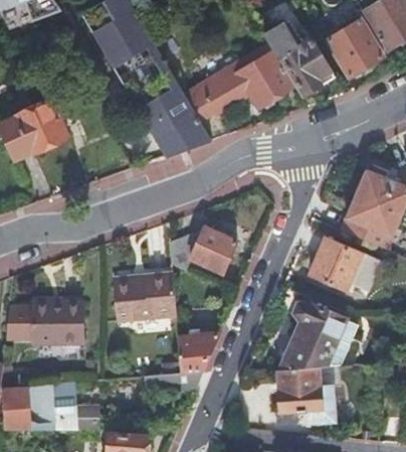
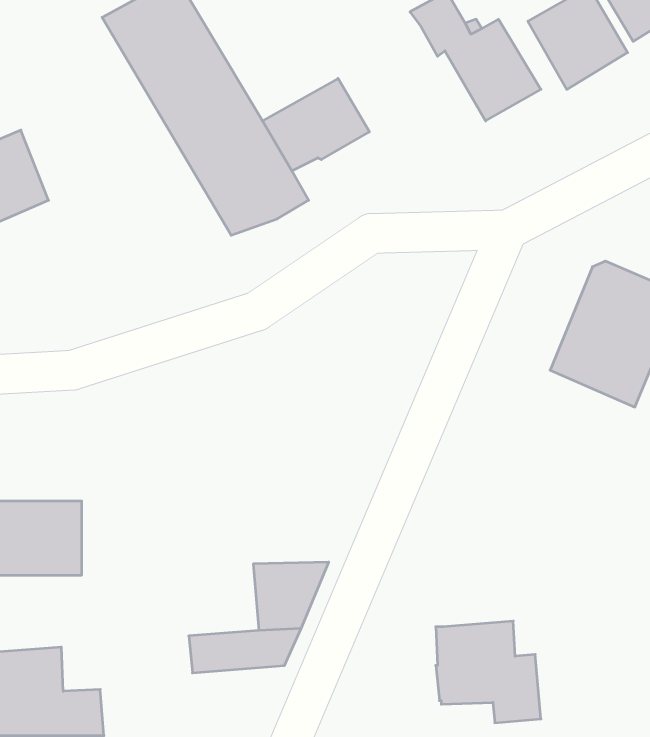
building: [224,43,293,109] -> none
building: [169,227,238,274] -> none
building: [309,238,379,292] -> none
building: [113,271,176,321] -> none
building: [281,303,358,370] -> none

